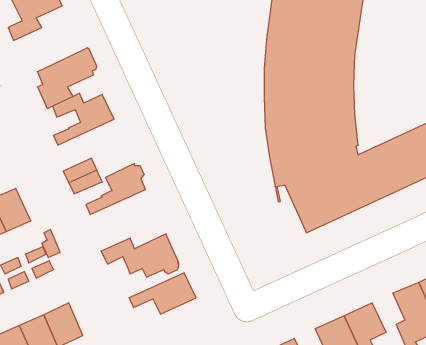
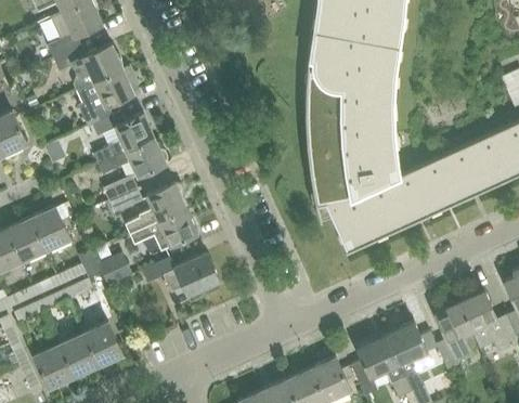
building: none -> [54,44,124,91]
building: none -> [99,139,167,178]
building: none -> [99,256,131,286]
building: [129,273,196,314] -> [131,209,198,250]

